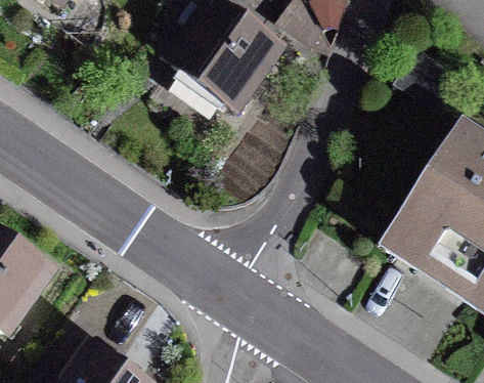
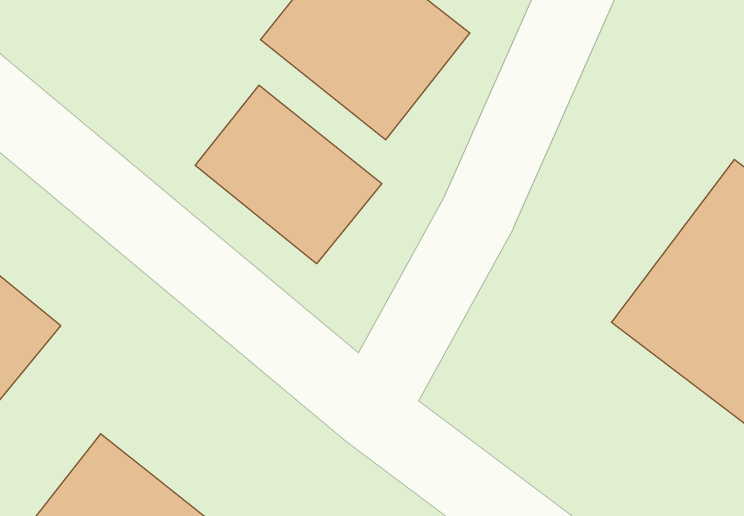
building: none -> [195,85,382,264]

